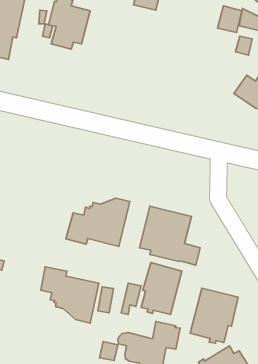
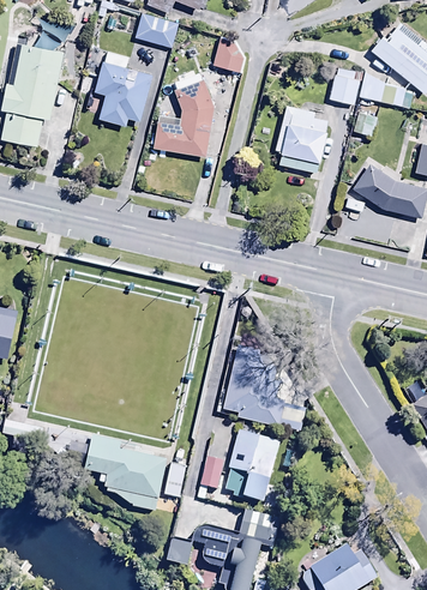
building: none -> [154,74,212,157]
building: none -> [276,106,332,176]
building: [66,198,130,246] -> none
building: [190,288,238,343] -> none

